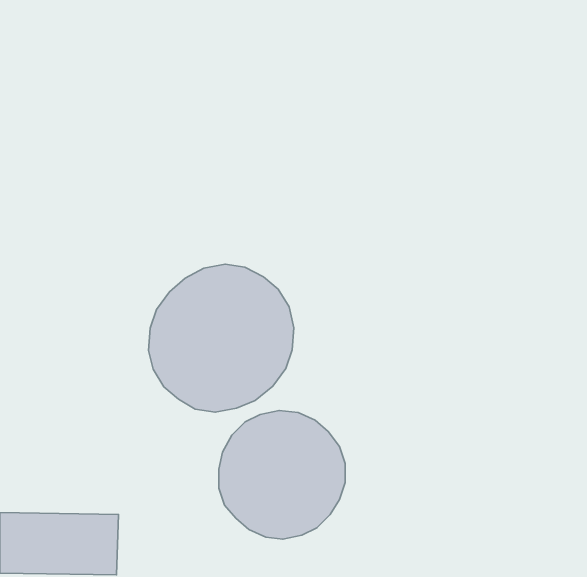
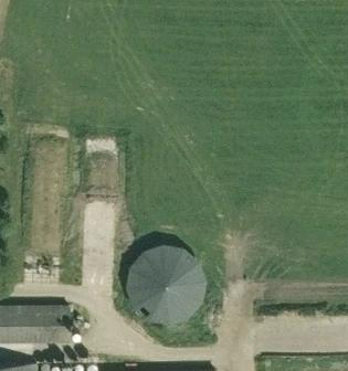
building: [149,264,294,412] -> none

